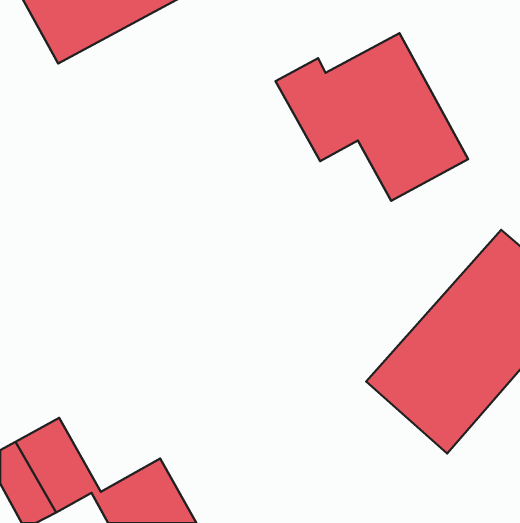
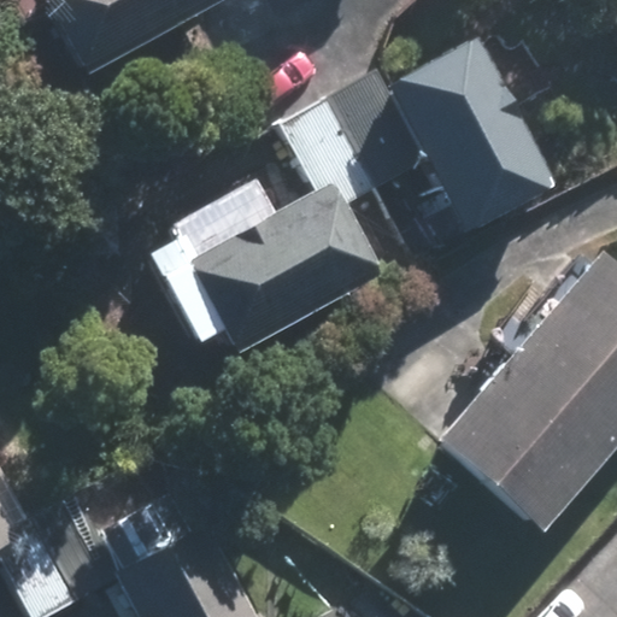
building: none -> [187,94,384,349]

